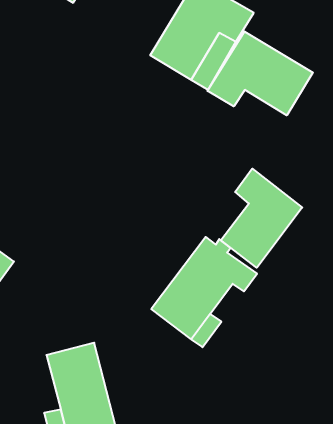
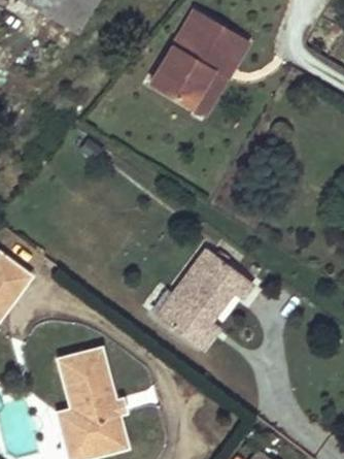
building: [207,31,313,115] -> none
building: [221,169,302,268] -> none

